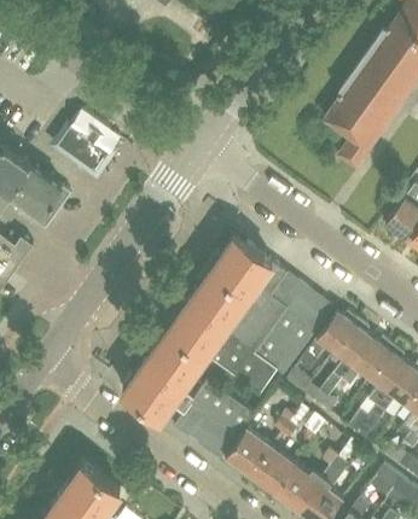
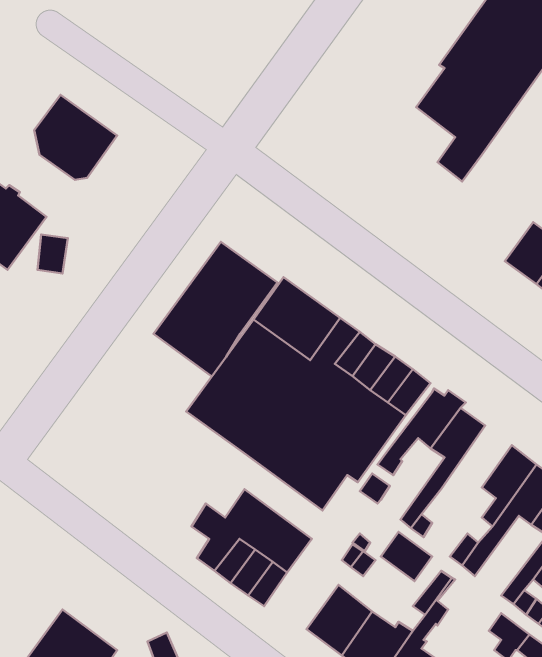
building: [122,326,207,418] -> [154,242,277,376]
building: [342,336,390,385] -> none
building: [226,427,272,474] -> none

